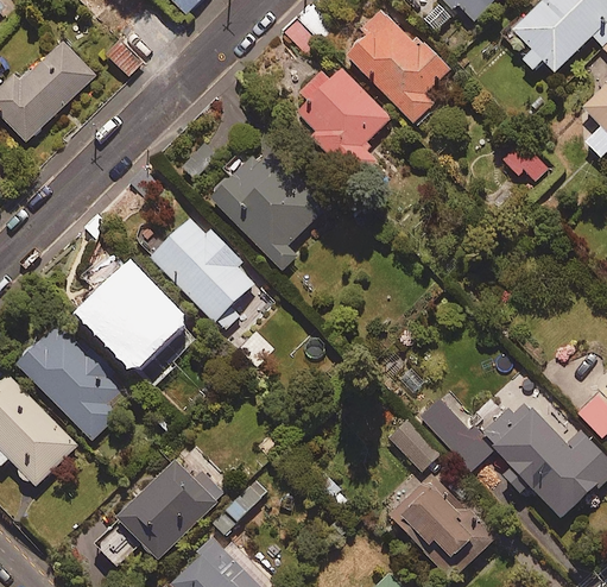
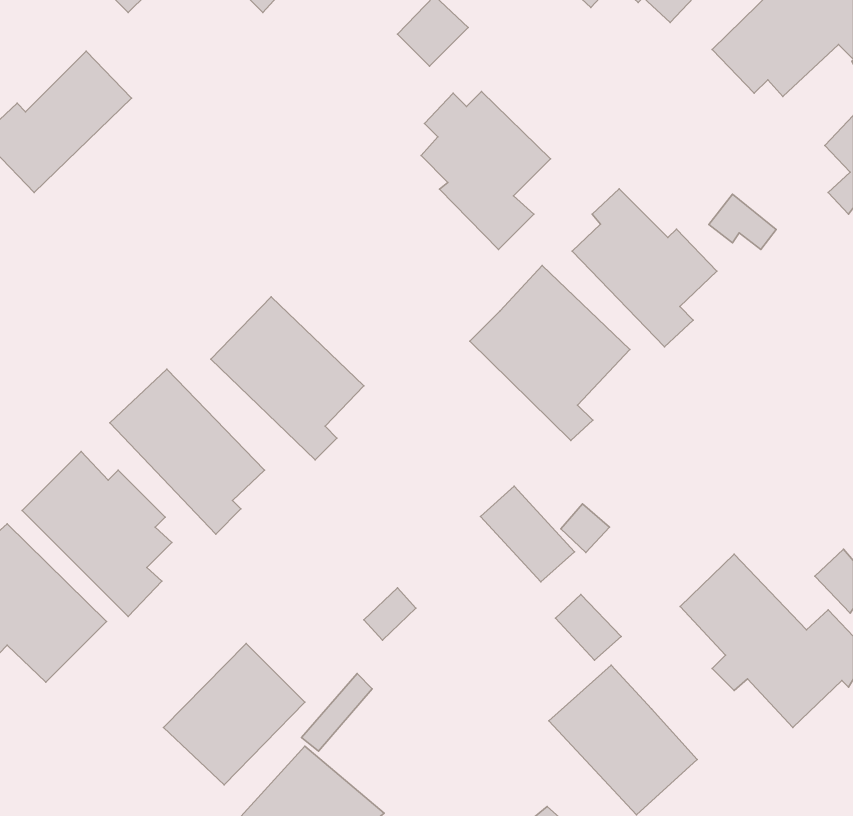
building: [347,10,449,121] -> [572,189,717,347]
building: [211,145,324,269] -> [470,265,630,440]
building: [426,403,493,471] -> [480,486,575,582]

